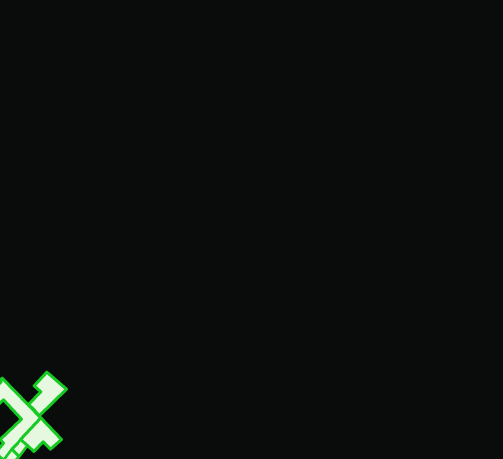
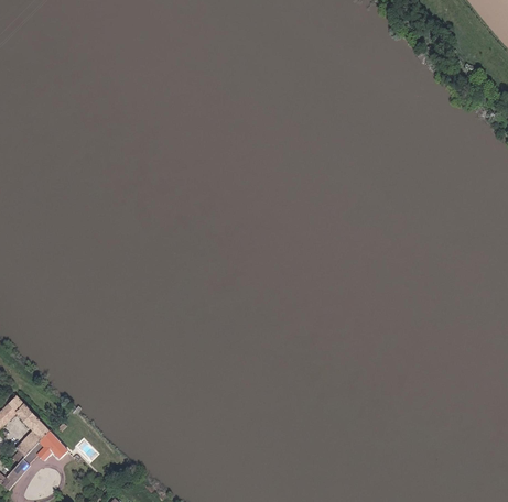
building: [28,372,67,416] -> none

